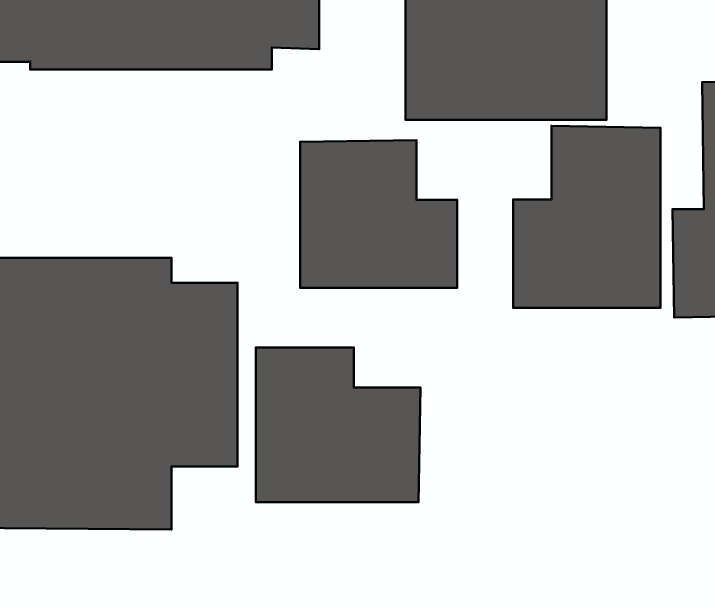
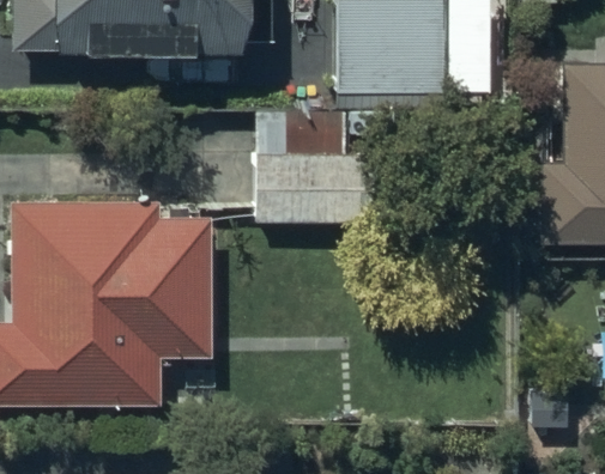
building: [513,126,660,308] -> none
building: [256,347,420,502] -> none

